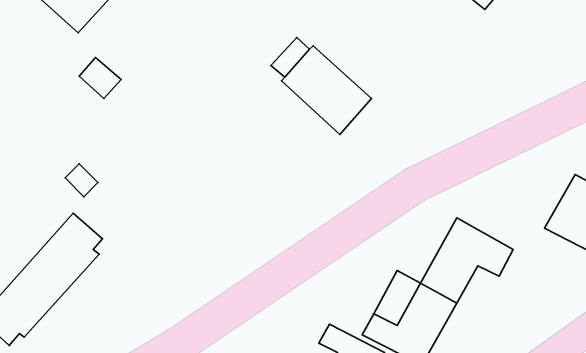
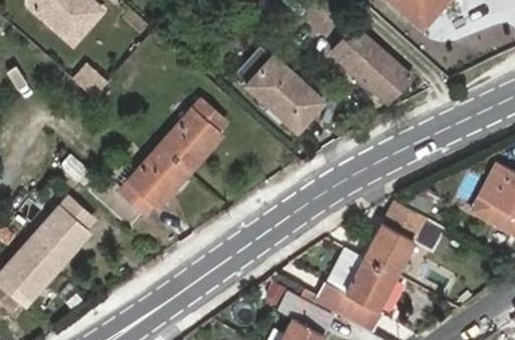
building: none -> [331,30,410,103]
building: none -> [118,100,227,215]

